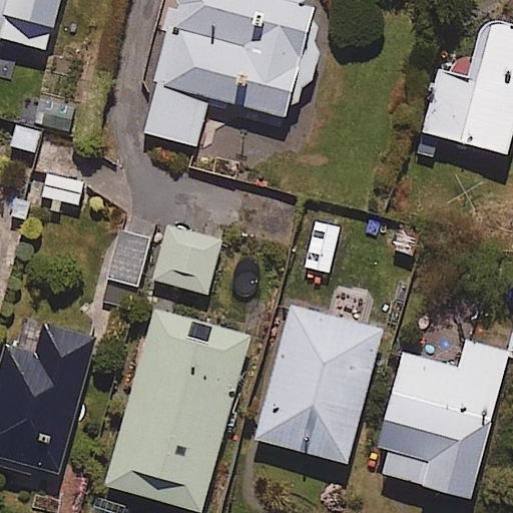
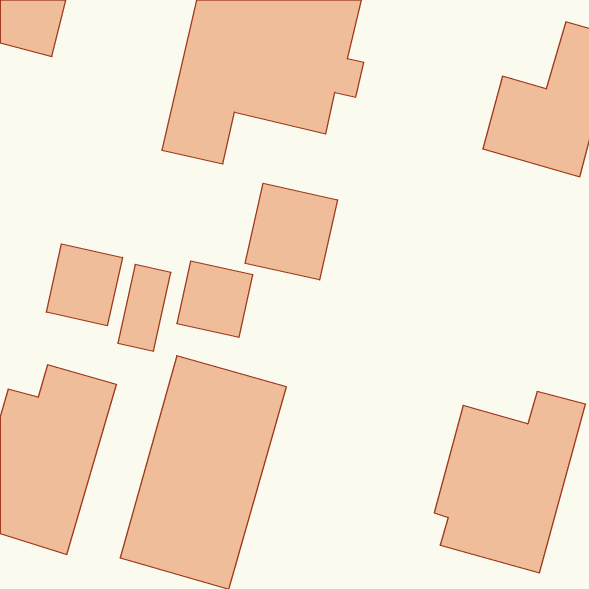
building: none -> [245,183,337,280]
building: none -> [46,244,122,326]
building: [253,305,384,464] -> none

